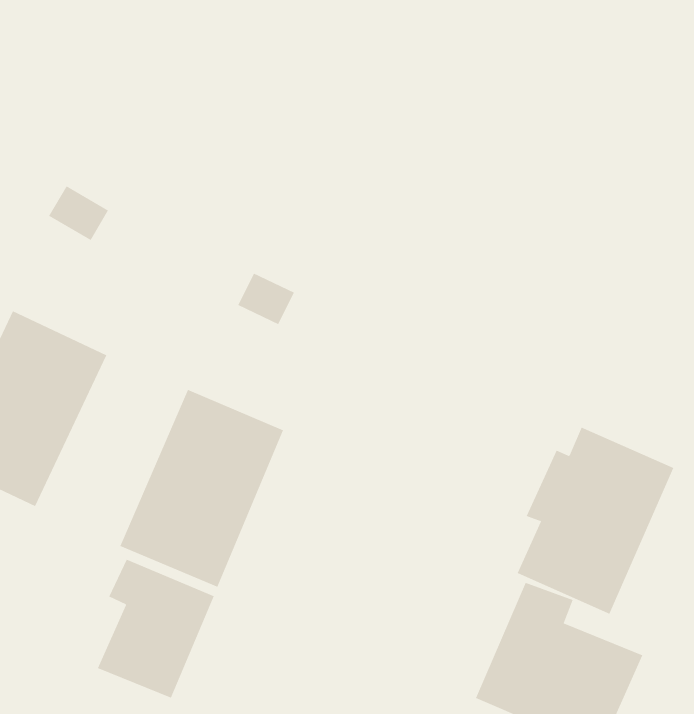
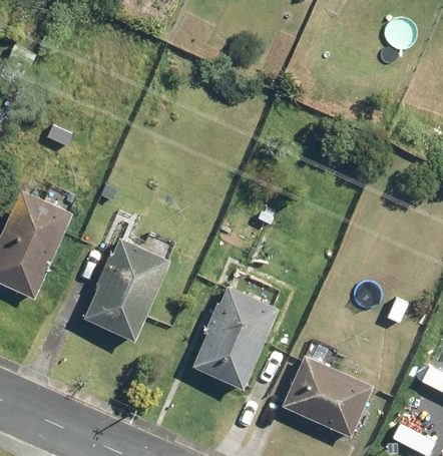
building: [517,427,674,614] -> [191,284,280,389]
building: [97,559,214,699] -> none

